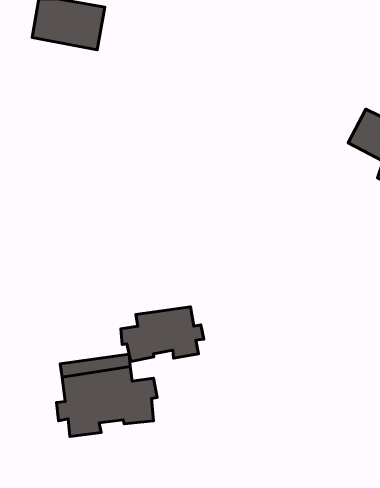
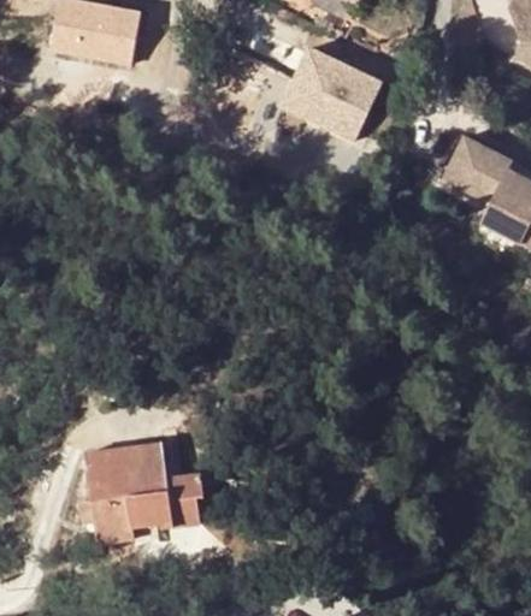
building: none -> [279,47,380,140]
building: [121,307,204,361] -> none

